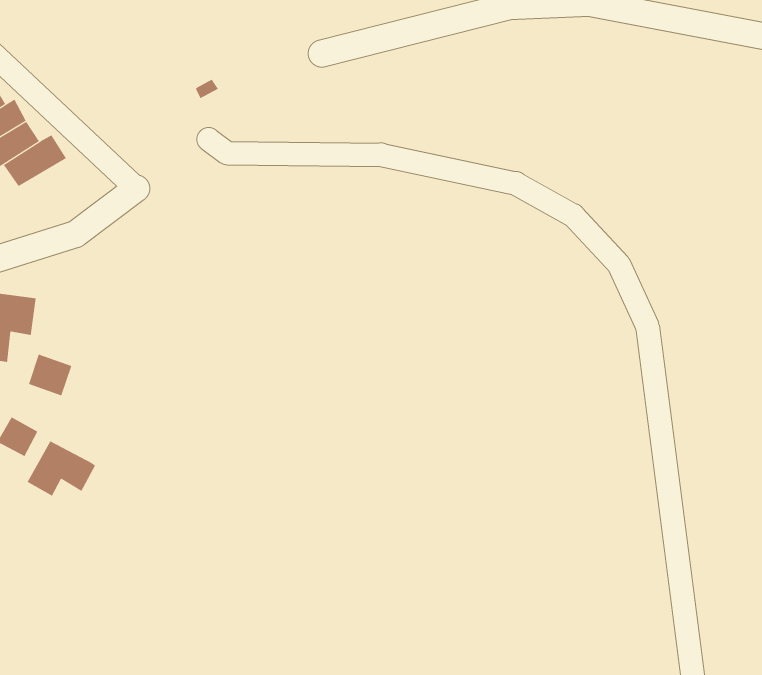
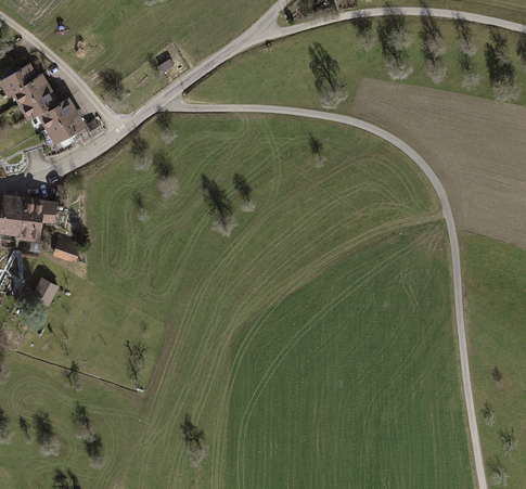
building: none -> [46,112,85,144]
building: [27,441,96,497] -> none

